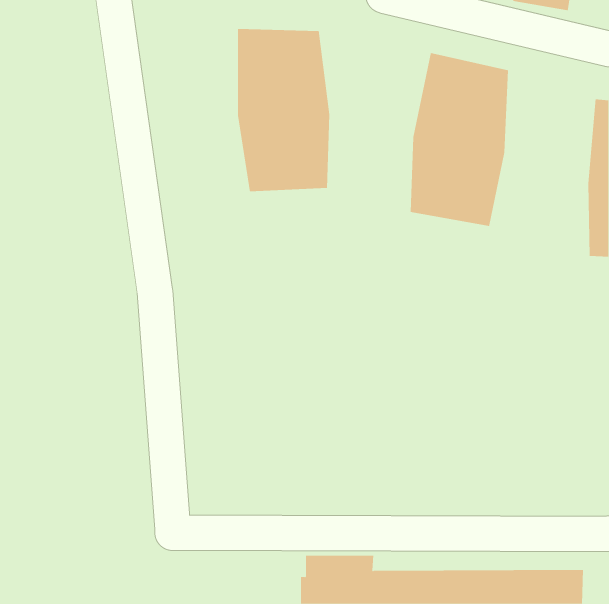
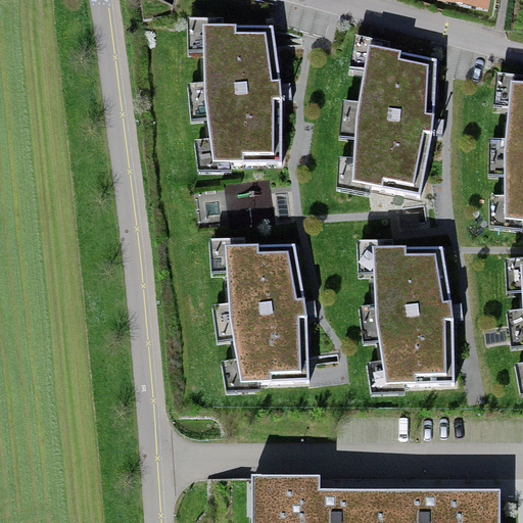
building: none -> [227,245,311,380]
building: none -> [375,246,456,384]

